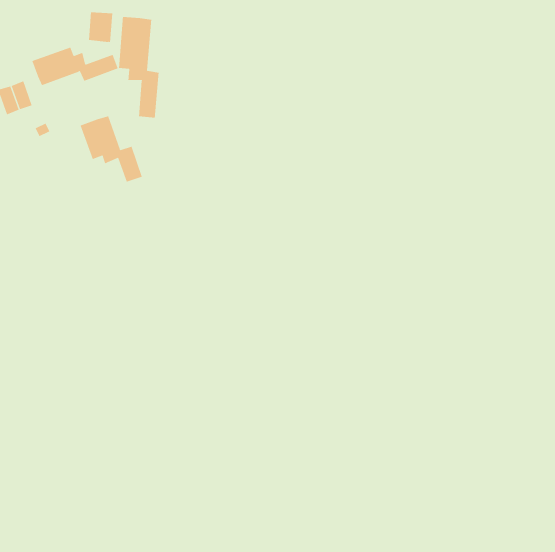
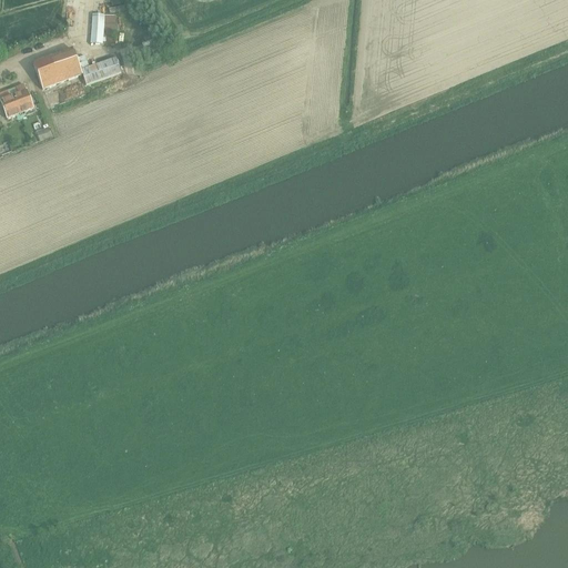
building: [119,16,159,119] -> none
building: [80,115,143,183] -> none

